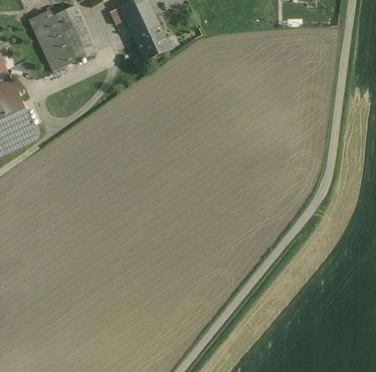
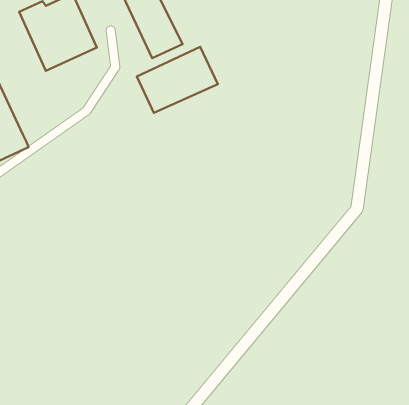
building: none -> [137,47,218,113]

